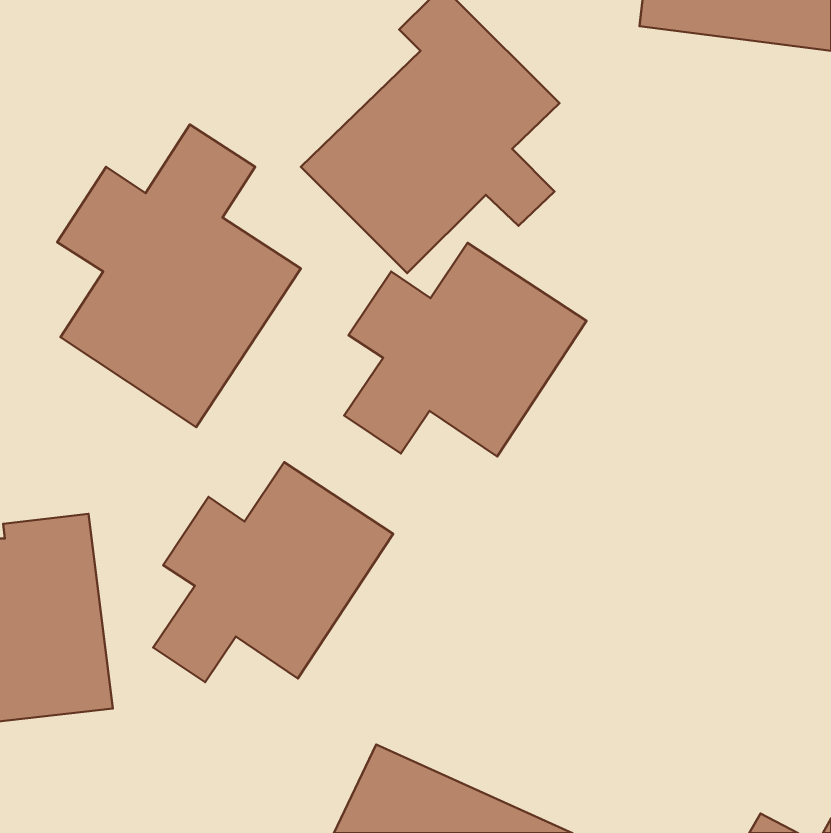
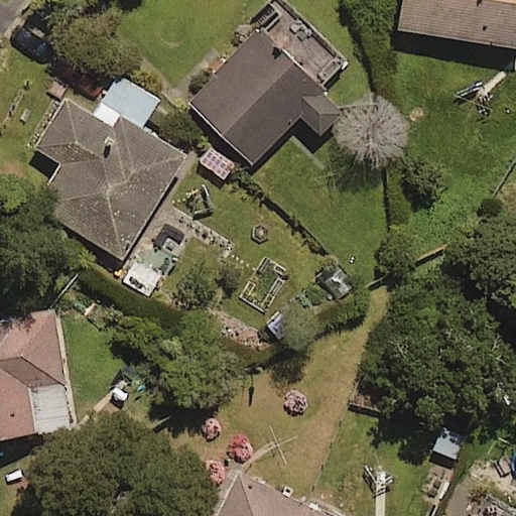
building: [344,243,587,456] -> none
building: [153,462,393,682] -> none

